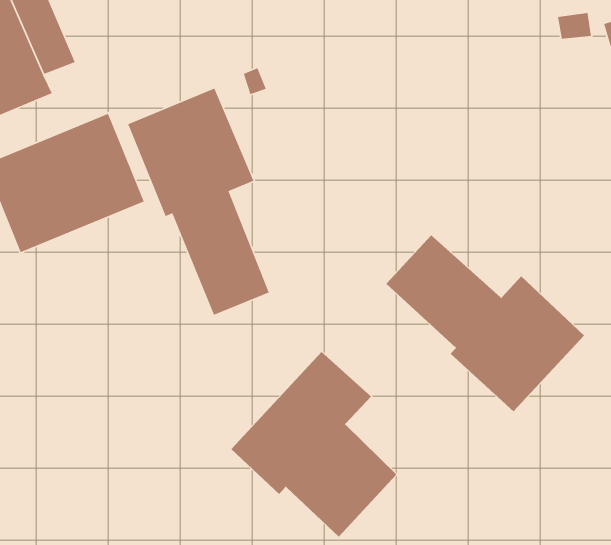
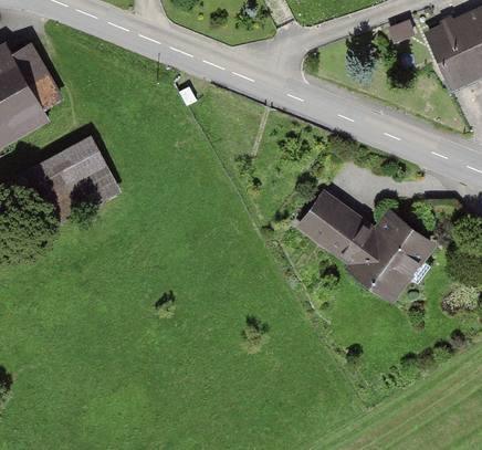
building: [127,87,270,316] -> none
building: [231,351,397,537] -> none

